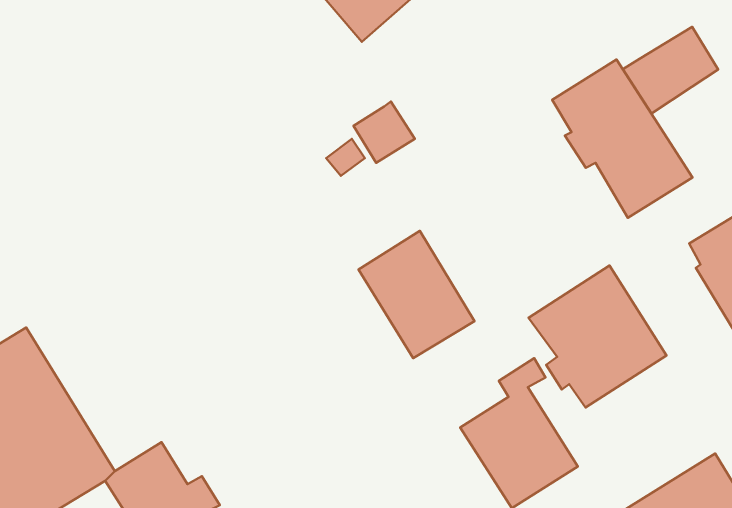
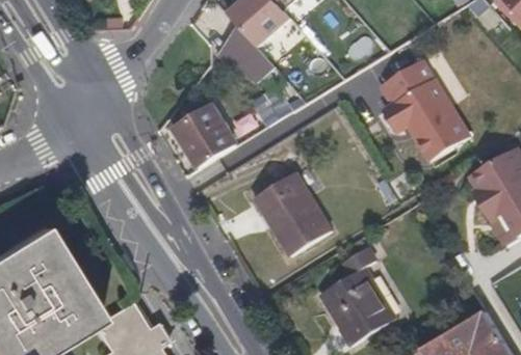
building: none -> [216,26,273,80]
building: [623,27,718,114] -> none
building: none -> [178,109,238,167]
building: [529,266,666,408] -> none

